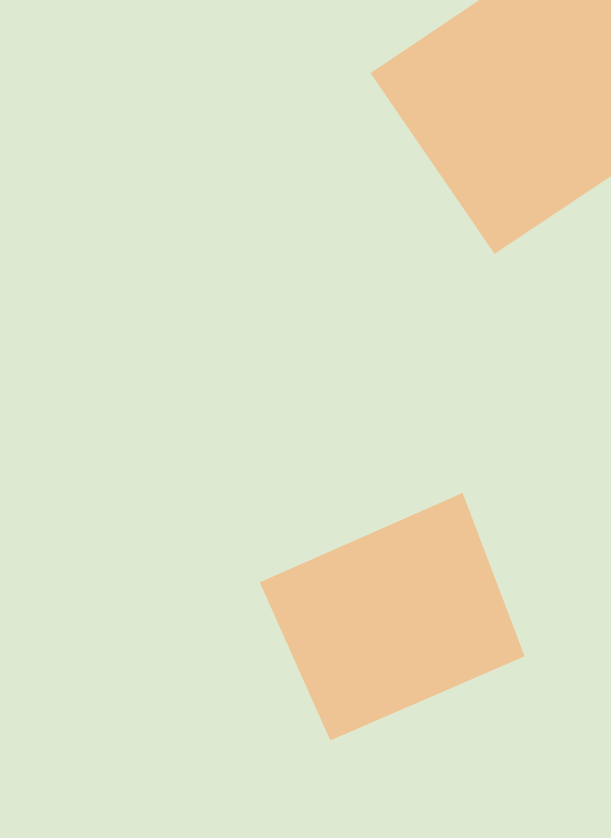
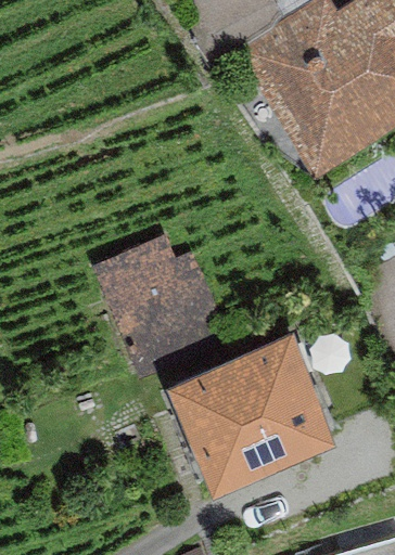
building: none -> [93,241,228,384]

